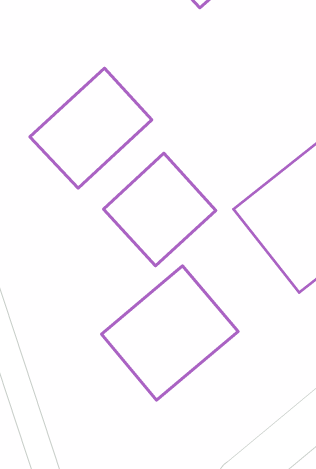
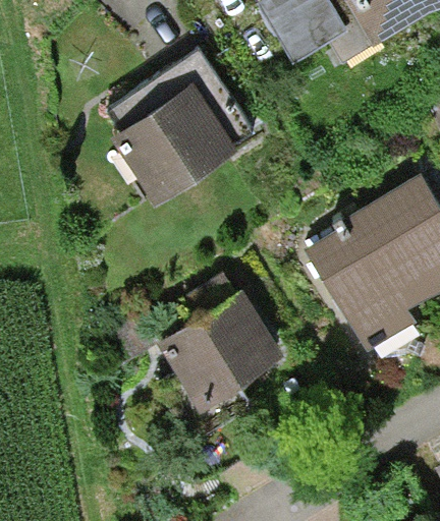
building: [104,153,216,266] -> none

